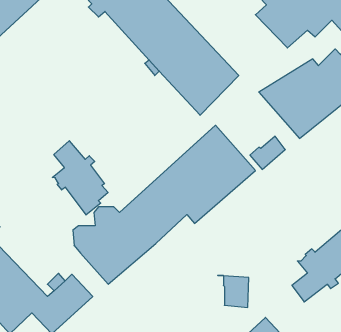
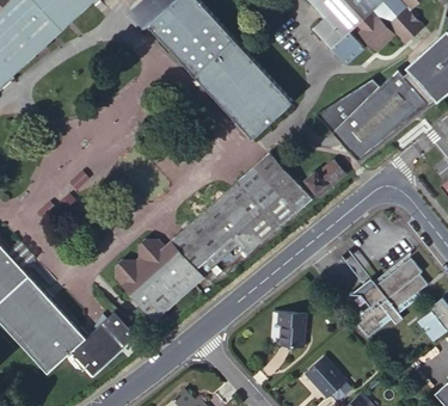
building: [52,141,108,215] -> none

